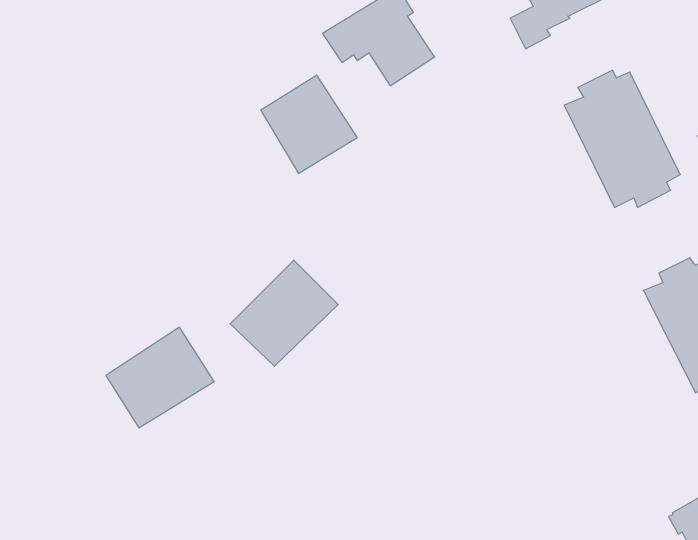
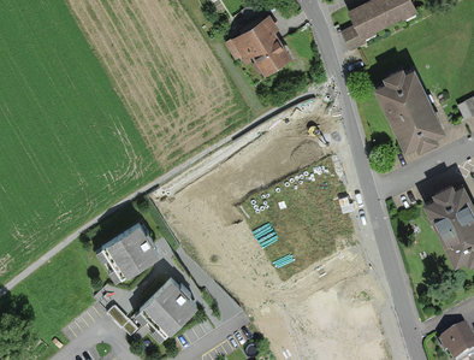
building: [261,75,357,174] -> none
building: [230,260,338,366] -> [126,281,194,347]

